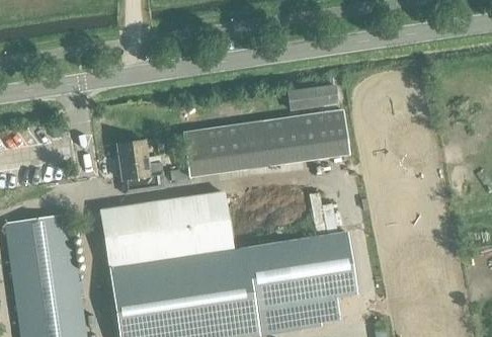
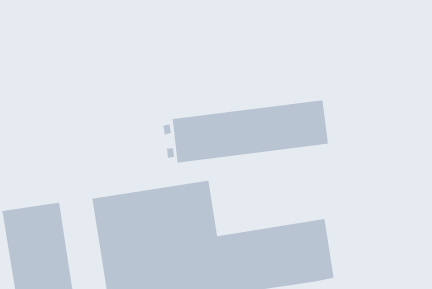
building: [291,86,338,110] -> none
building: [117,142,164,194] -> none

